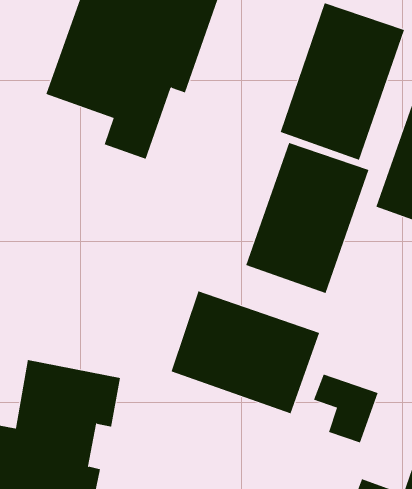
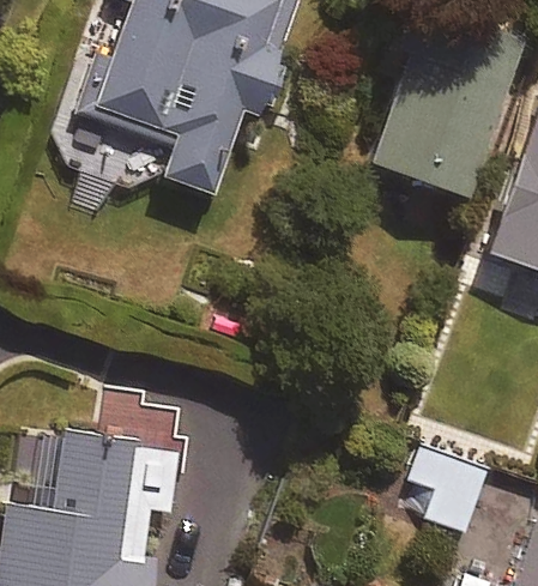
building: [246,142,369,294] -> none
building: [171,290,320,414] -> none

